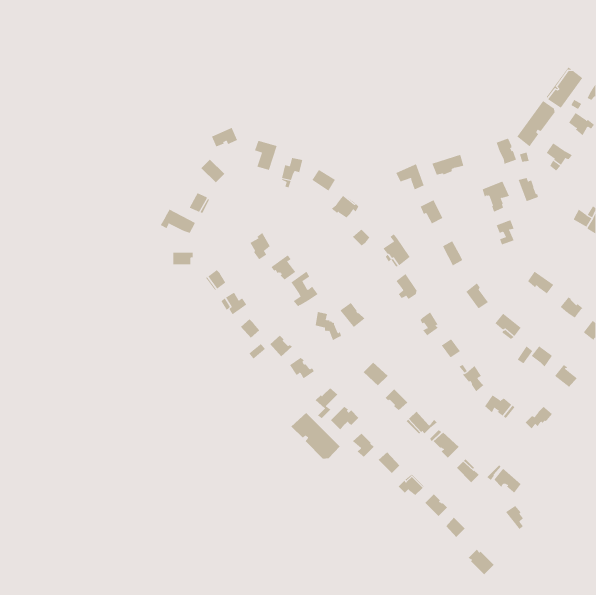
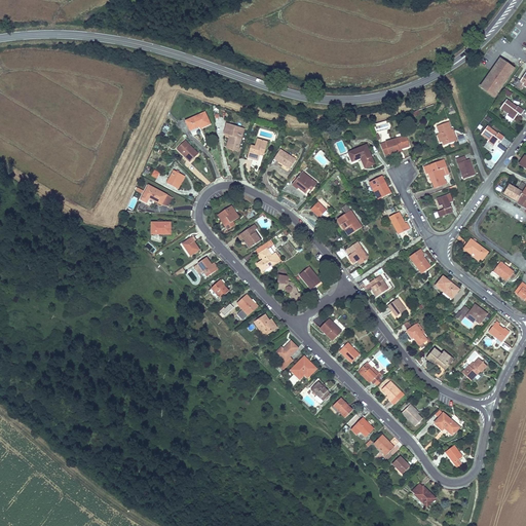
building: [517,100,555,147] -> none
building: [290,412,341,460] -> none

